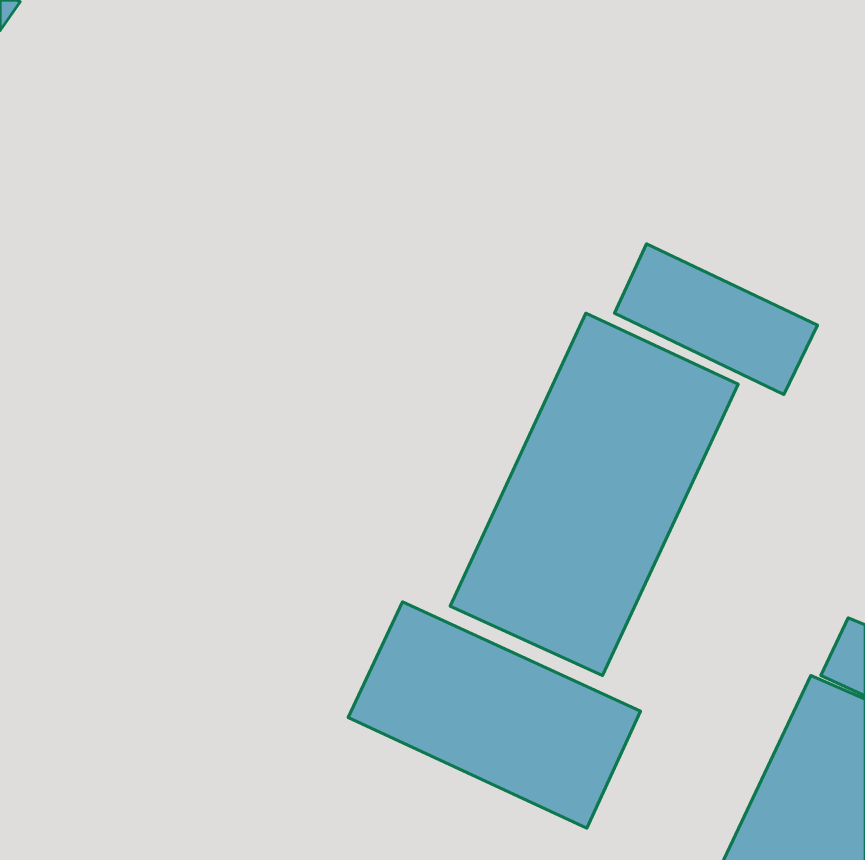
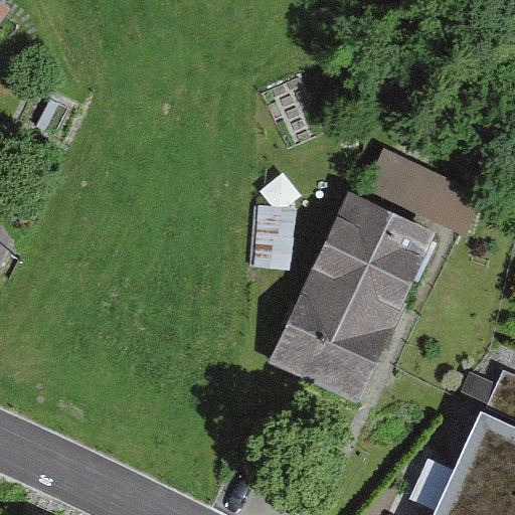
building: [348,602,640,828] -> none

